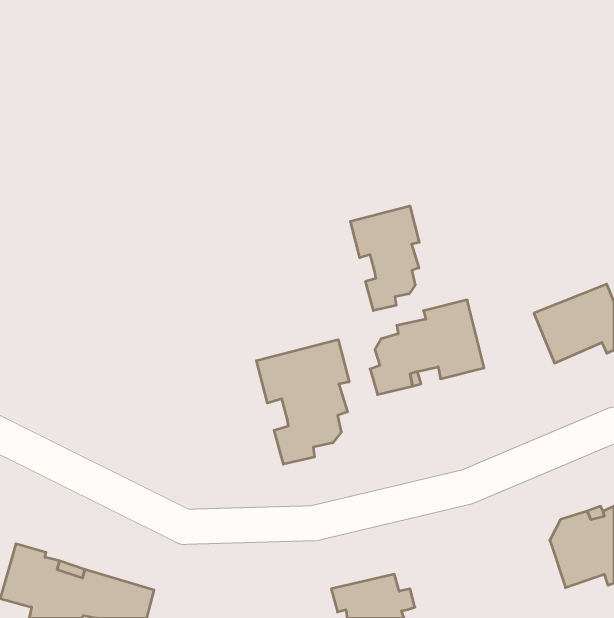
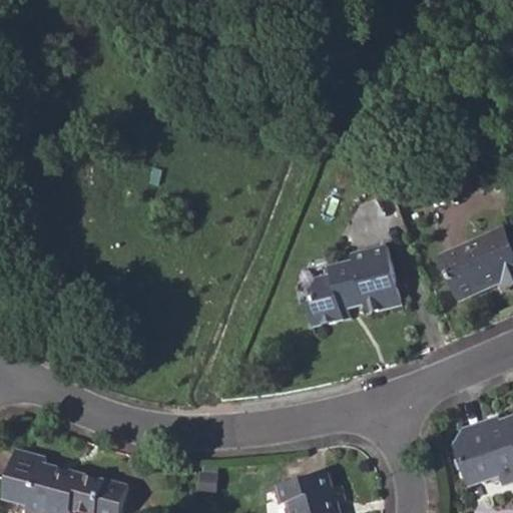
building: [350,206,419,311] -> none
building: [256,340,349,464] -> none

